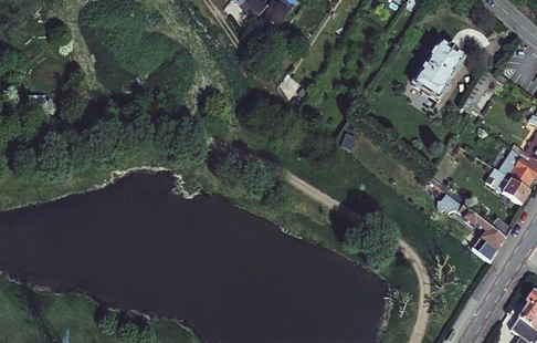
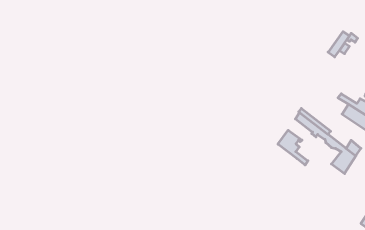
building: [413,43,462,98] -> none
building: none -> [278,130,308,165]

